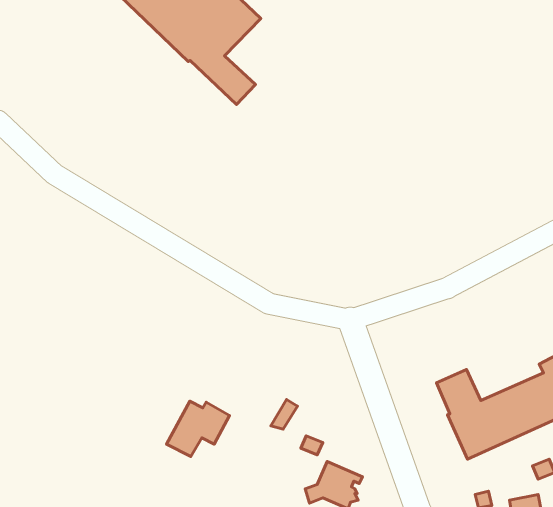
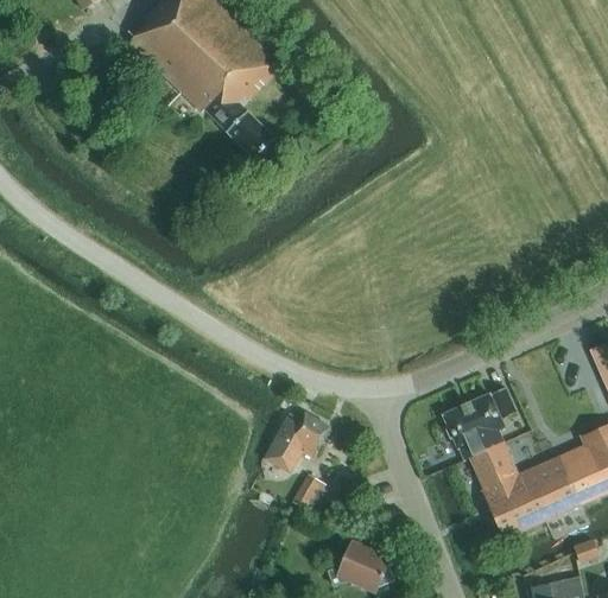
building: none -> [443,386,517,458]
building: [167,401,229,456] -> [262,411,330,470]

